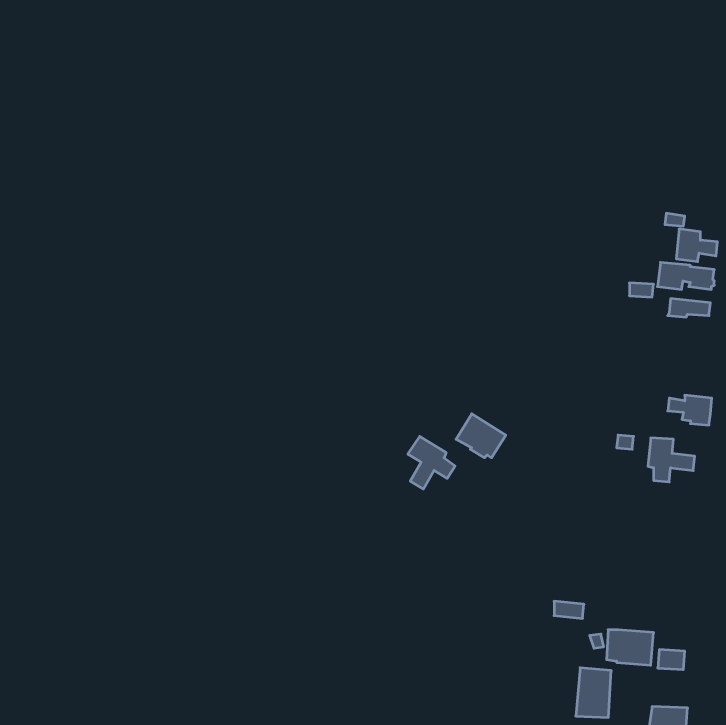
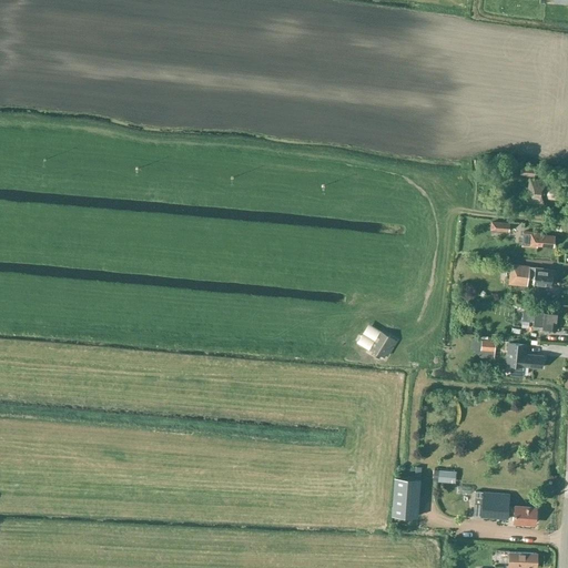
building: [657,262,714,289] -> [508,265,552,286]
building: [408,436,455,489] -> none
building: [576,668,611,717] -> [392,478,419,517]

